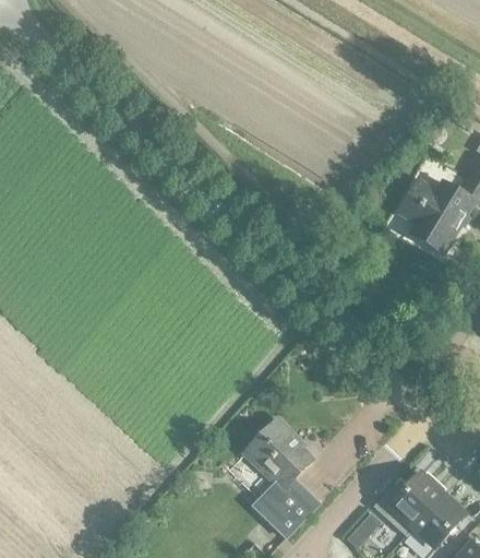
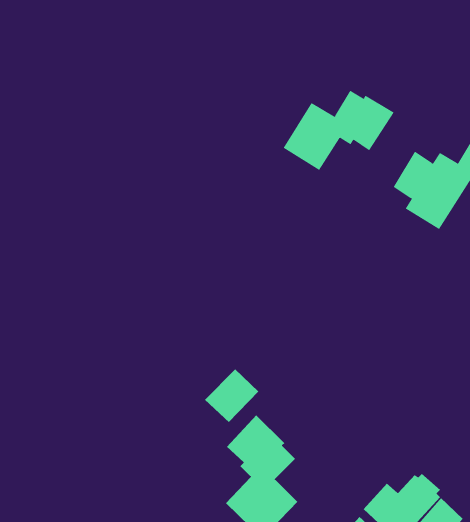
building: none -> [283,90,394,171]
building: none -> [204,368,259,423]

